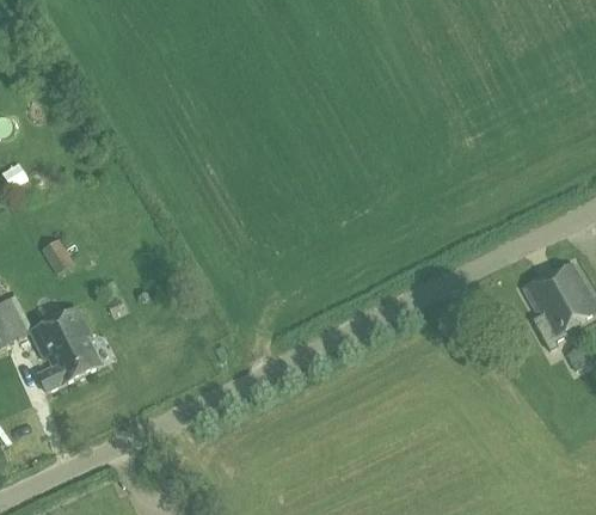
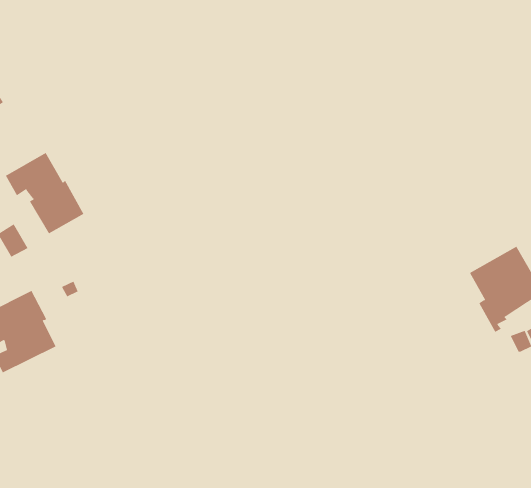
building: none -> [5,152,84,234]

